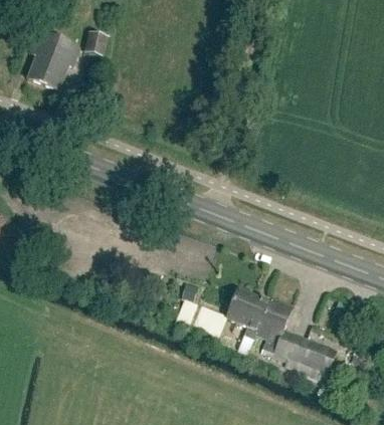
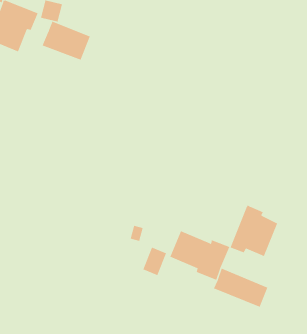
building: none -> [42,21,90,60]
building: none -> [230,205,278,257]

